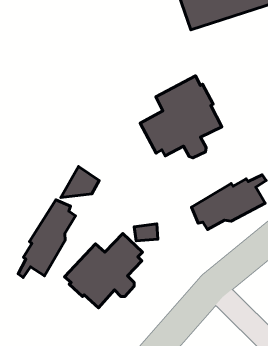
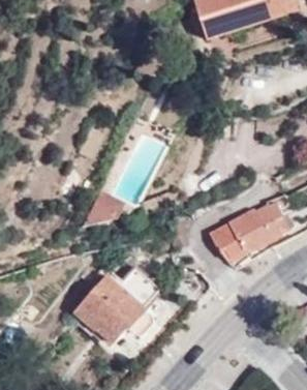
building: [140,76,222,158] -> none
building: [18,200,76,278] -> none

